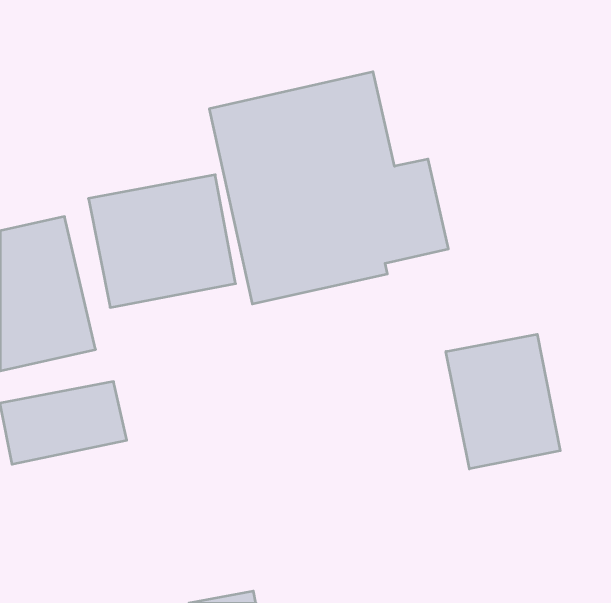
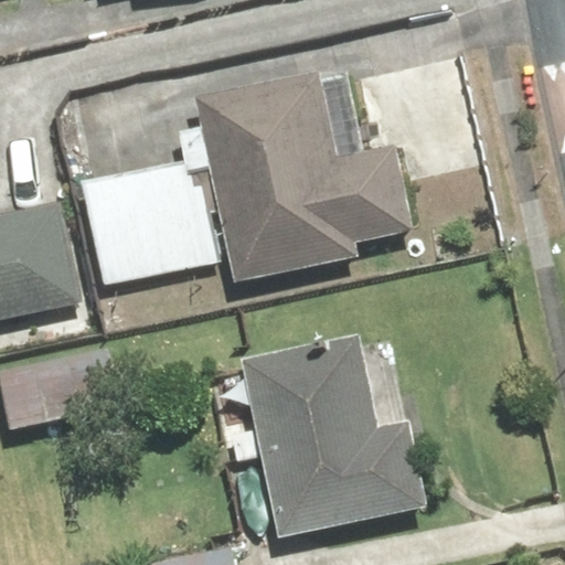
building: [446,334,560,469] -> none
building: none -> [241,337,426,537]

